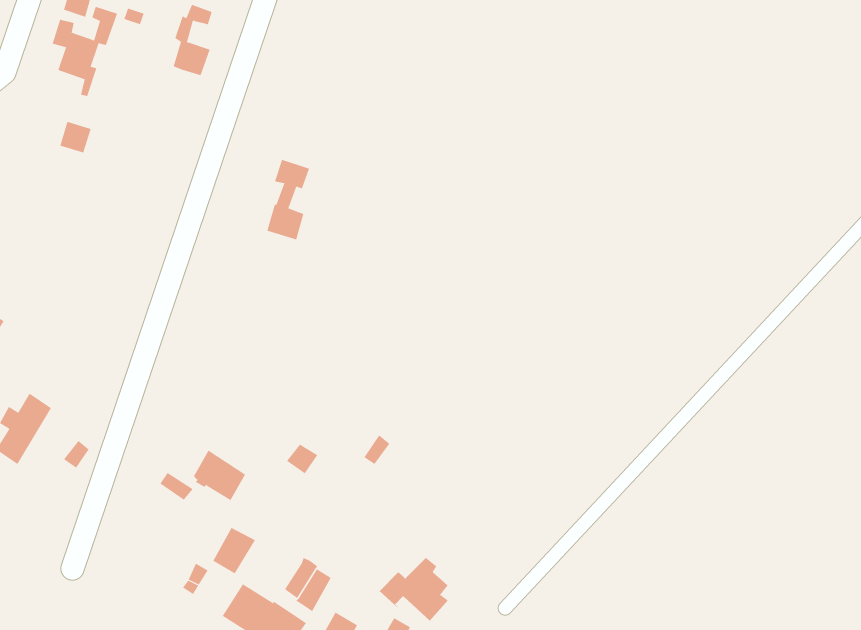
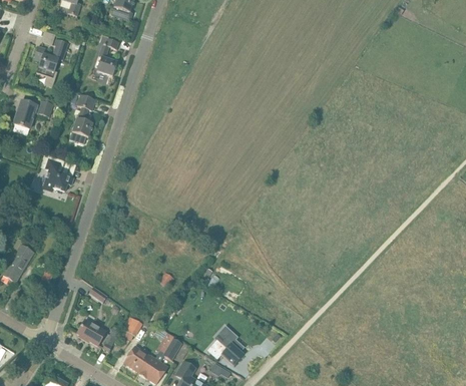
building: none -> [13,99,37,128]
building: [267,159,310,240] -> [72,93,95,136]
building: none -> [42,157,73,190]
building: [193,450,246,501] -> [77,318,105,345]

